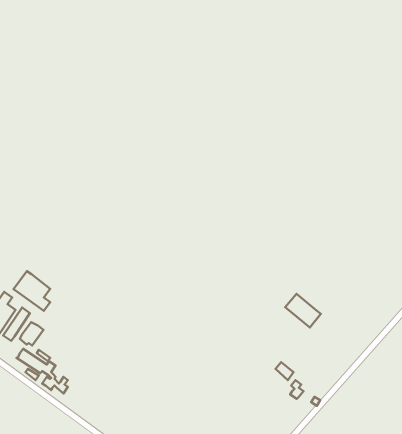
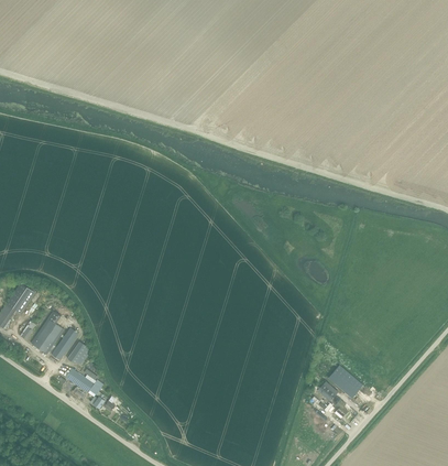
building: [13,271,50,311] -> none
building: [285,294,321,327] -> [327,366,362,399]

